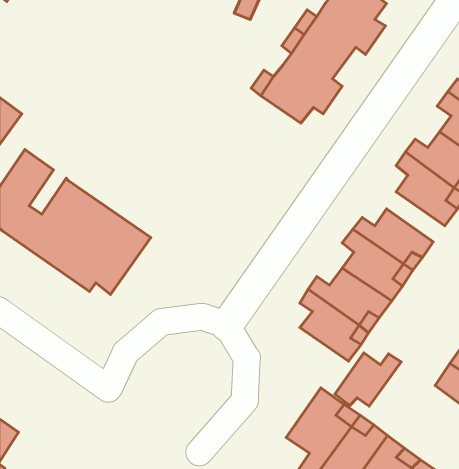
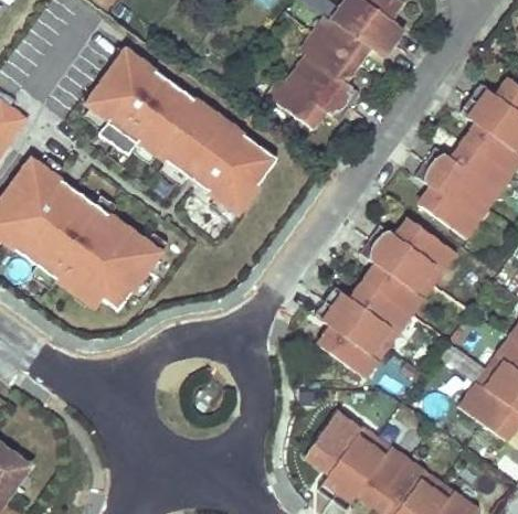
building: none -> [83,51,274,212]
building: [335,353,401,406] -> none

